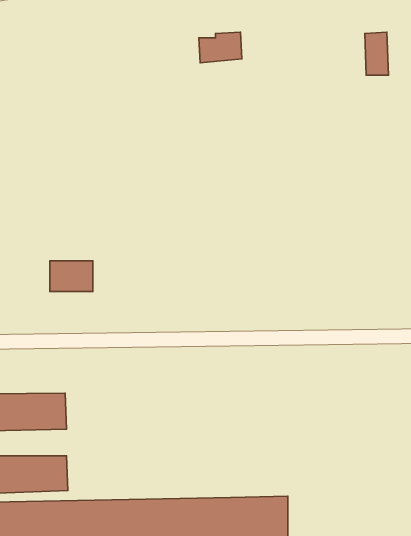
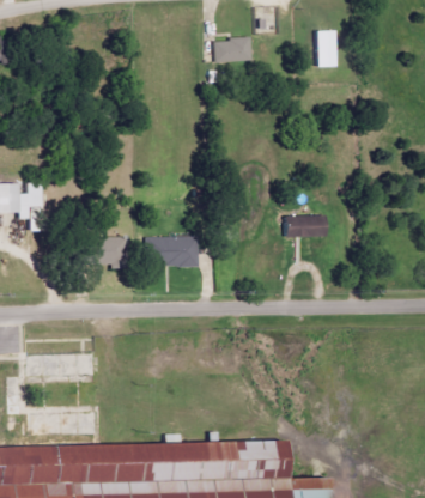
building: [365,32,388,75] -> [315,30,335,67]
building: none -> [284,215,326,238]
building: none -> [146,237,198,267]

